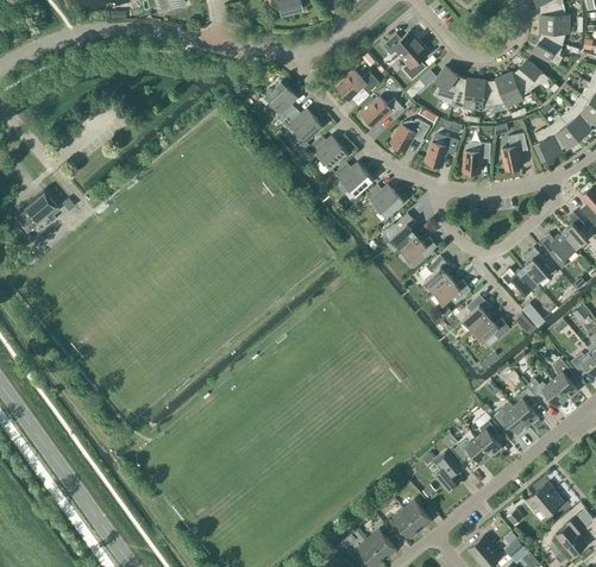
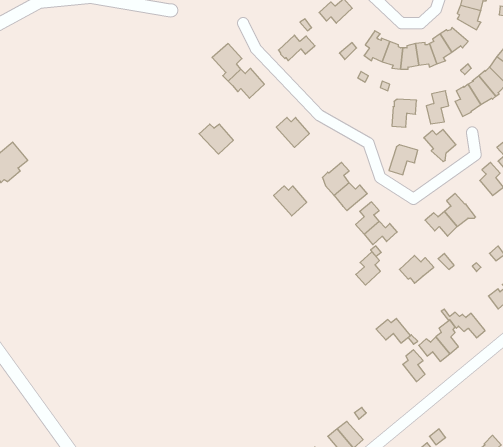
building: [402,42,429,80] -> none
building: [363,99,404,126] -> none
building: [391,119,429,151] -> none
building: [426,134,458,168] -> [389,145,418,175]
building: [309,136,347,169] -> [199,124,233,154]
building: [366,184,403,218] -> [274,186,307,216]
building: [540,233,576,269] -> [424,129,456,162]
building: [462,295,489,332] -> [356,252,380,285]
building: [552,360,578,399] -> none
building: [453,437,491,465] -> [376,318,410,343]
building: [433,453,460,492] -> none
building: [526,483,563,515] -> none

